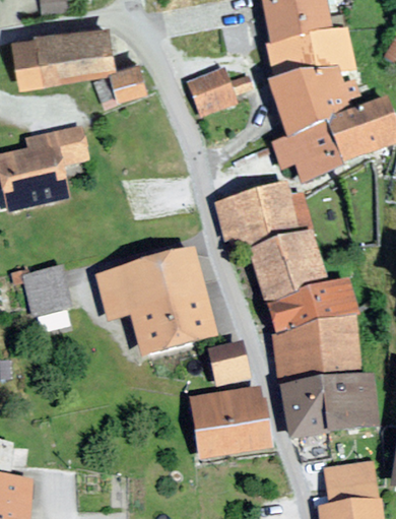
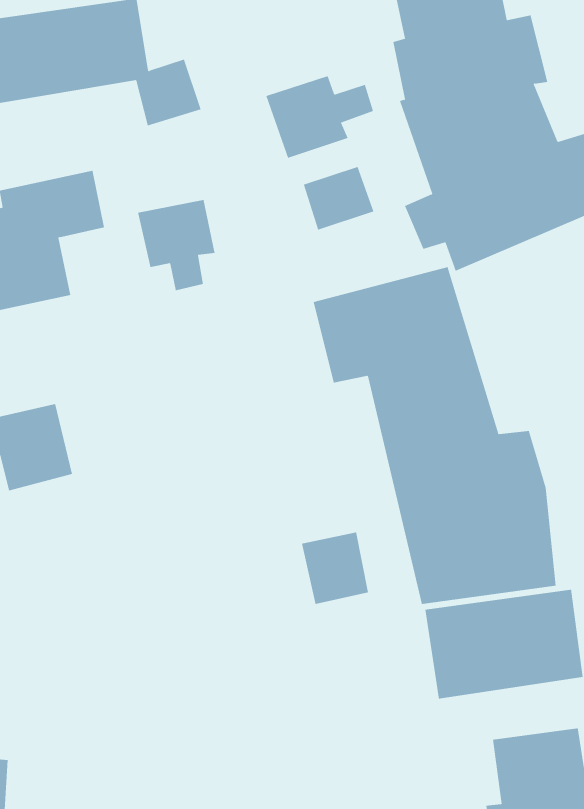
building: none -> [303,166,374,230]
building: none -> [138,199,215,291]
building: [95,250,216,356] -> none
building: [189,386,271,459] -> none

